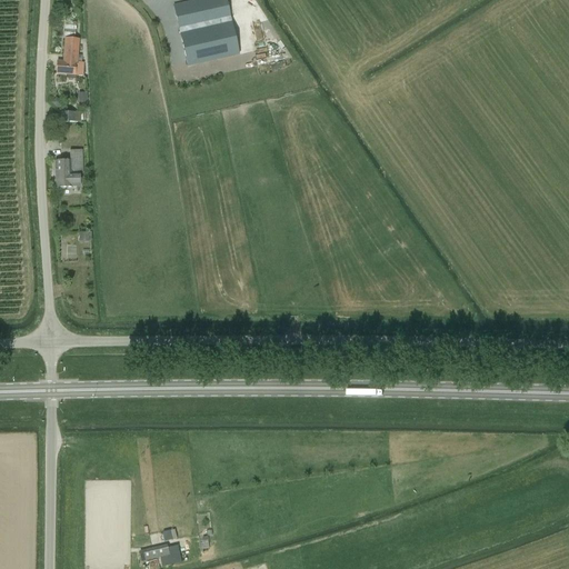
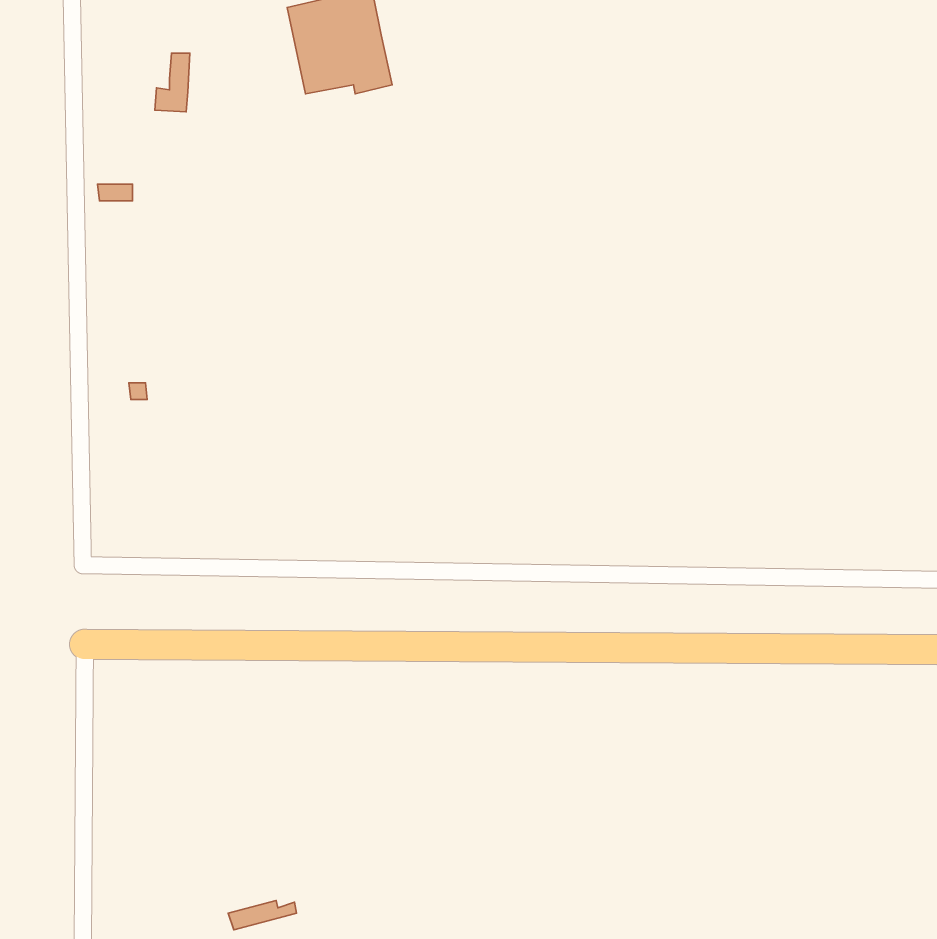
building: [58,39,79,74] -> [155,53,190,112]
building: [57,149,86,187] -> none

